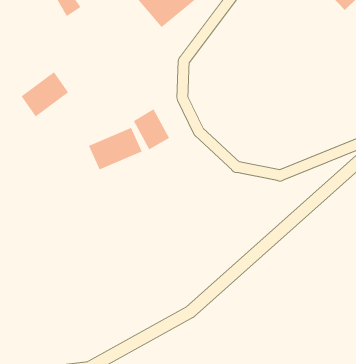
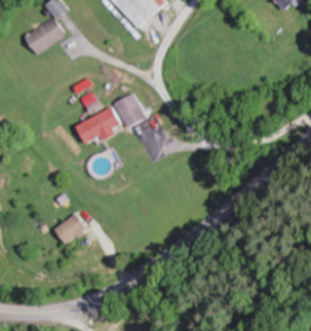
building: [20,71,69,117] -> [25,16,65,54]
building: none -> [55,213,86,245]

